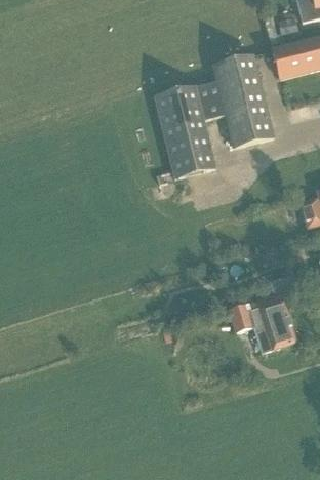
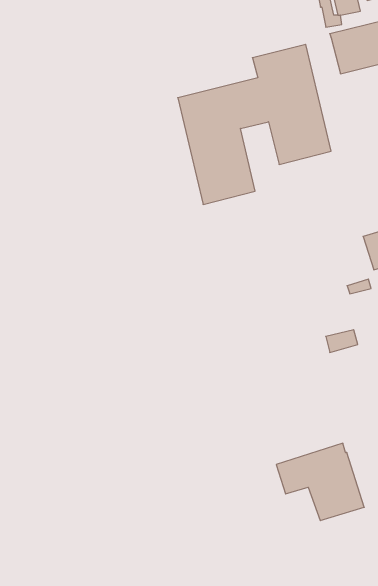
building: [228,293,295,353] -> [276,443,364,521]

